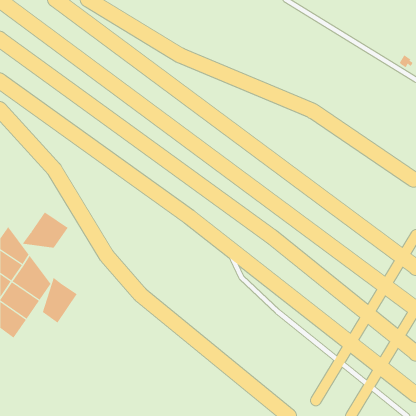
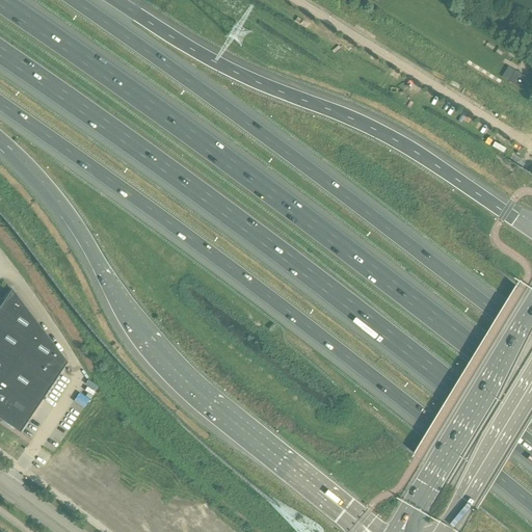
building: [22,211,68,249] -> none
building: [42,277,78,323] -> none

